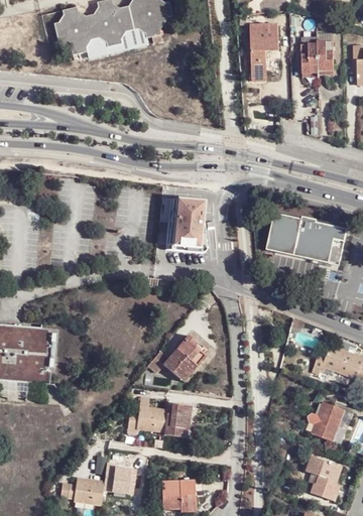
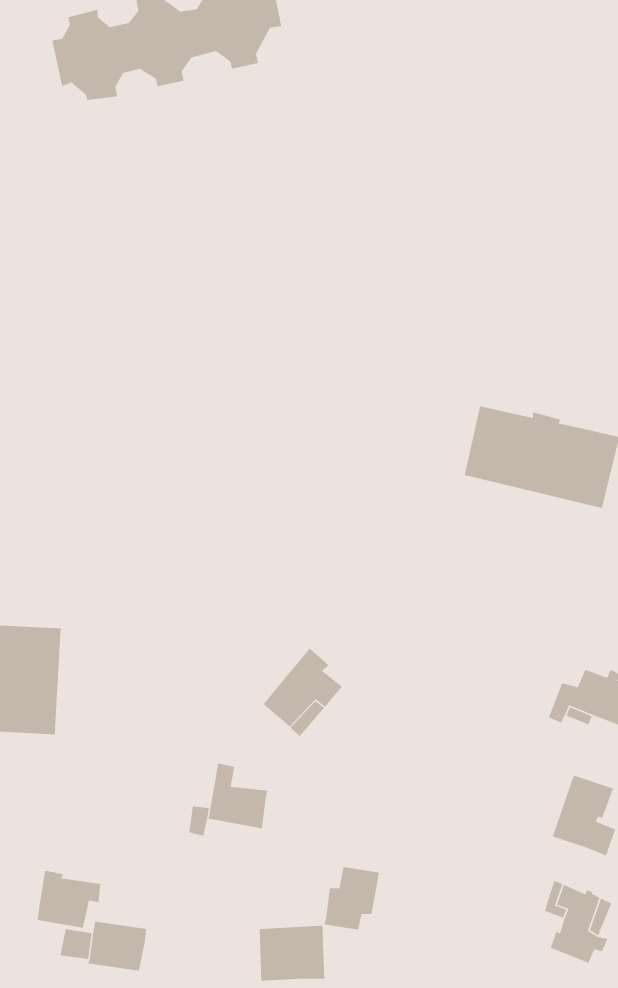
building: [250,24,279,82] -> none
building: [304,41,335,73] -> none
building: [160,197,203,245] -> none
building: [162,403,192,436] -> [323,866,380,931]
building: [103,463,136,493] -> [37,870,101,928]

